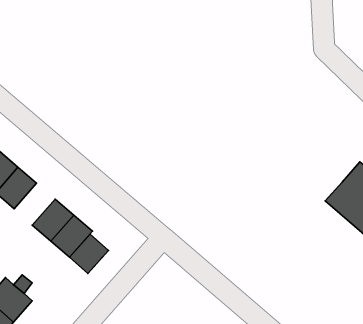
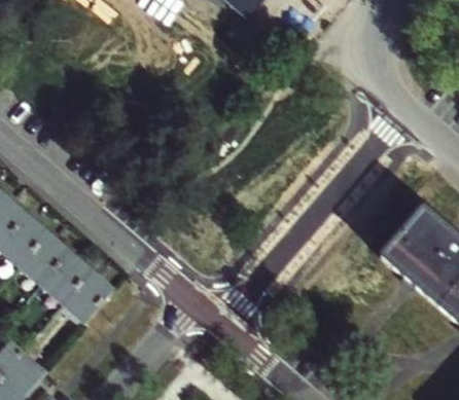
building: none -> [23,233,70,282]
building: [69,234,108,273] -> none

